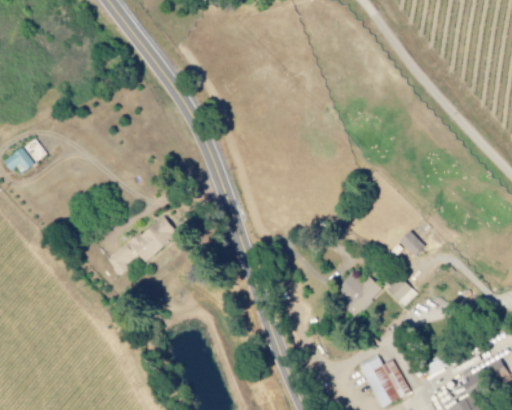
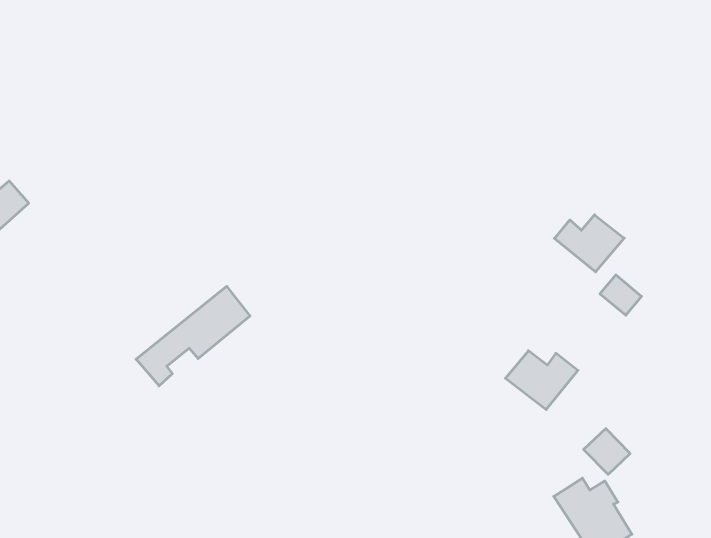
building: none -> [554,215,624,272]
building: [388,276,417,305] -> [584,429,630,474]

